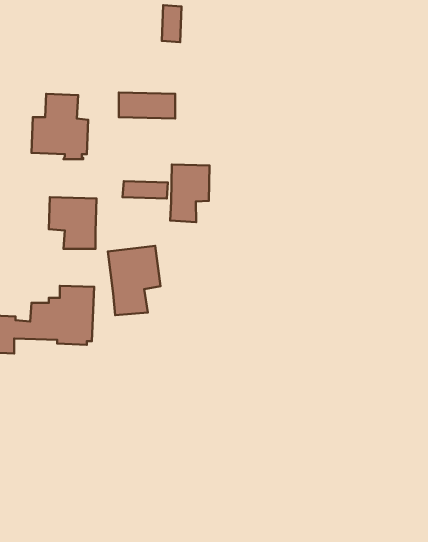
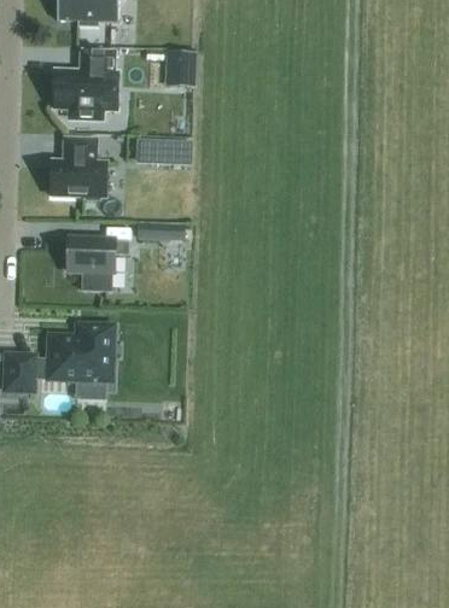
building: none -> [54,52,118,119]
building: [170,165,210,222] -> none
building: [108,246,160,315] -> none

